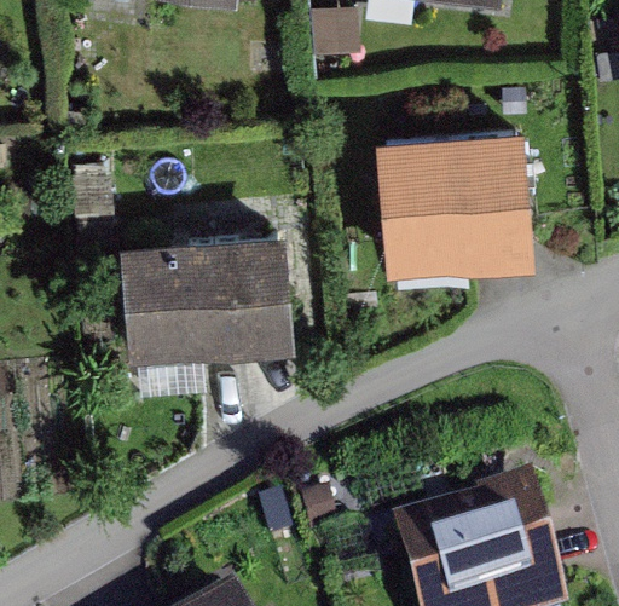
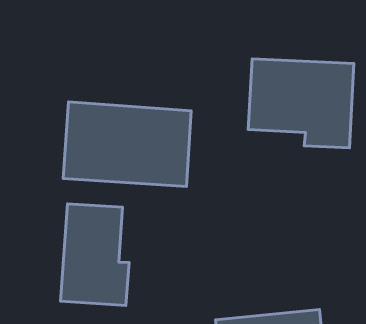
building: none -> [60,204,129,306]

